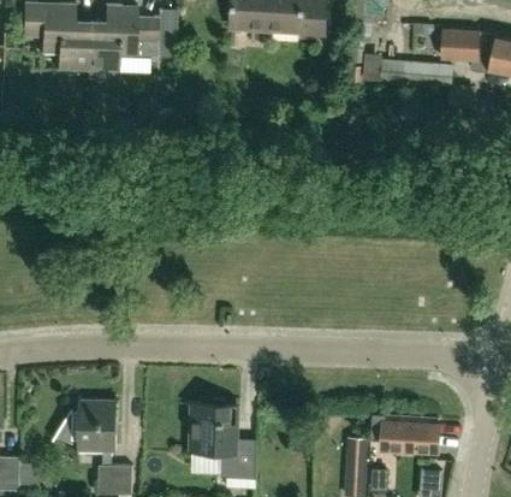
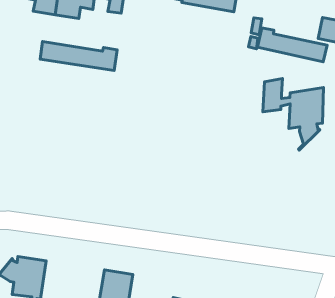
building: none -> [40,42,117,70]
building: none -> [263,78,324,150]

